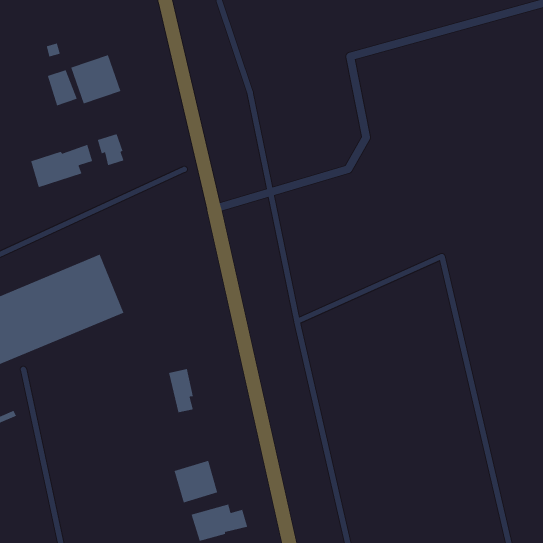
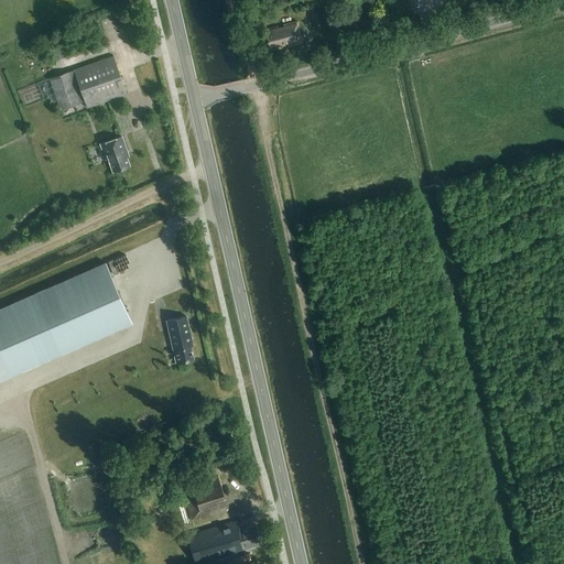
building: none -> [264,22,301,52]
building: [30,144,93,188] -> none
building: [168,368,194,413] -> [165,317,192,364]

